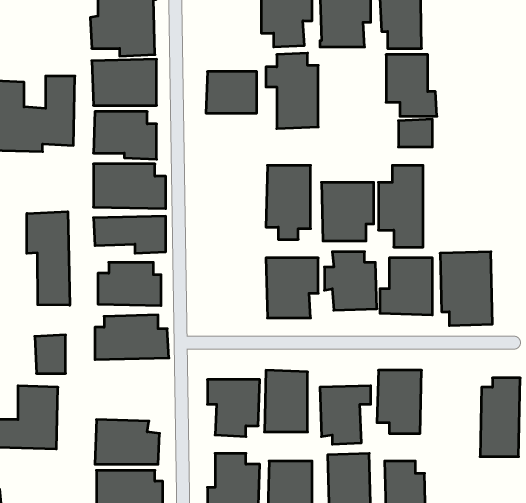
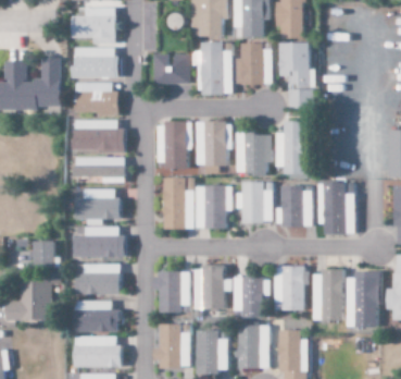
building: none -> [236,42,273,85]
building: none -> [156,122,188,168]
building: [27,212,70,305] -> none
building: none -> [164,178,195,230]
building: none -> [77,264,121,295]
building: none -> [313,270,344,320]

